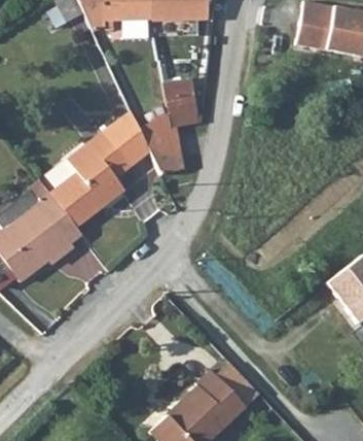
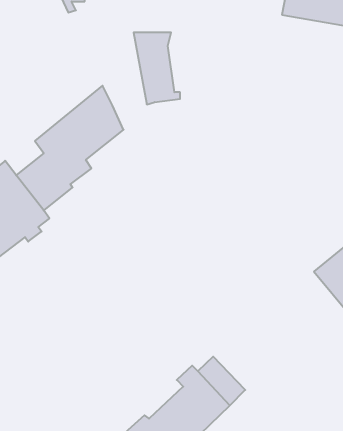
building: [139,115,184,175] -> none

